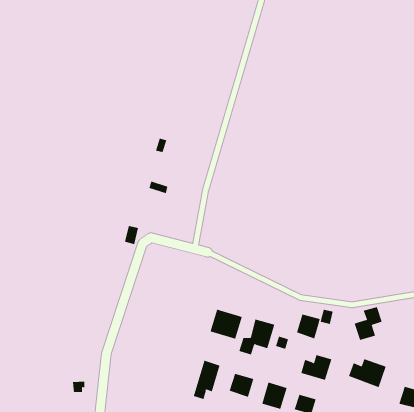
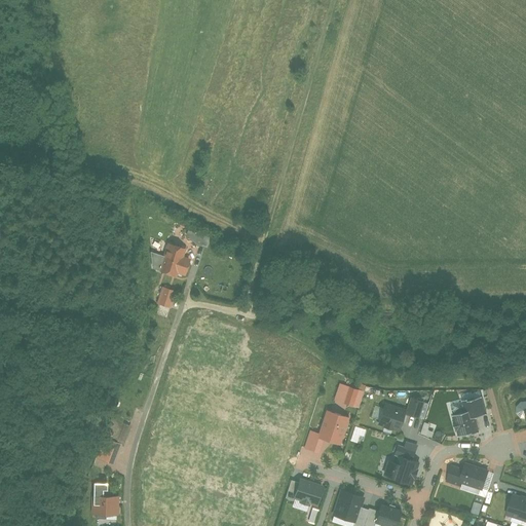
building: none -> [156,240,189,281]
building: none -> [333,381,364,408]
building: [210,309,243,340] -> none
building: [193,360,220,400] -> none
building: none -> [93,500,118,517]

